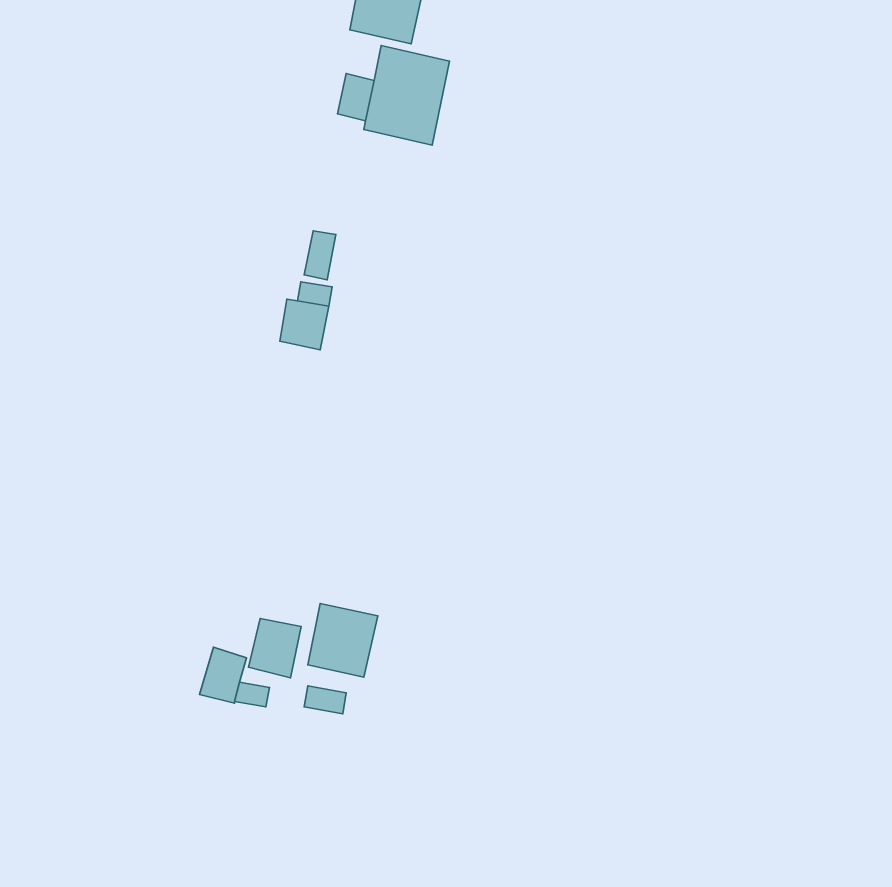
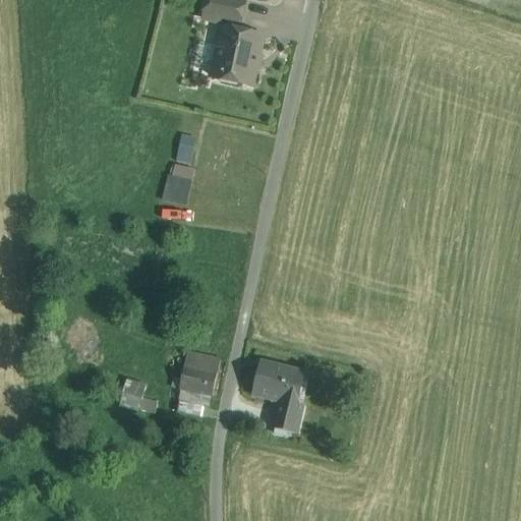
building: [248,619,301,678] -> none
building: none -> [253,361,304,435]

